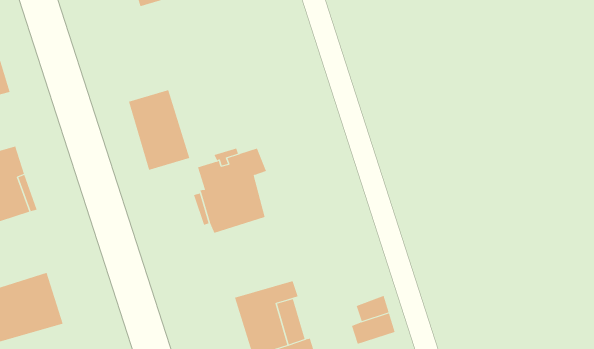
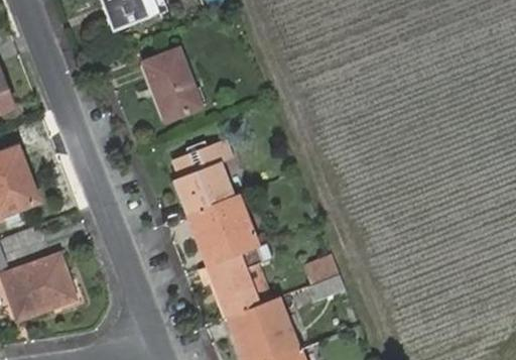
building: [128,89,190,170] -> [144,51,199,120]
building: none -> [189,198,258,268]

